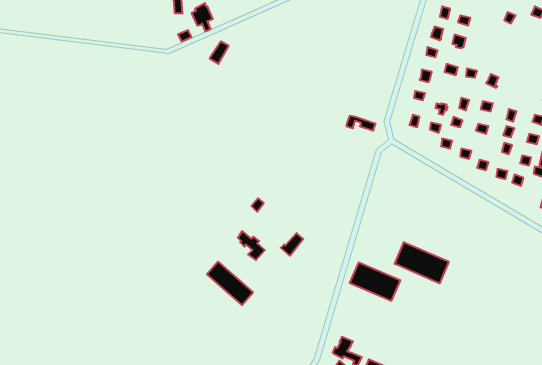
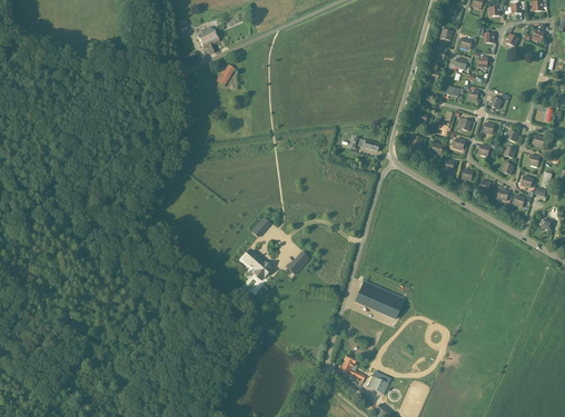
building: [395,242,449,283] -> none
building: [207,262,253,305] -> none

